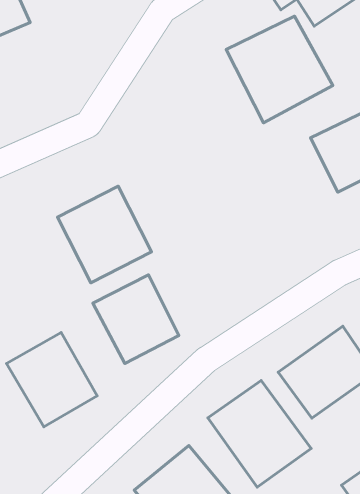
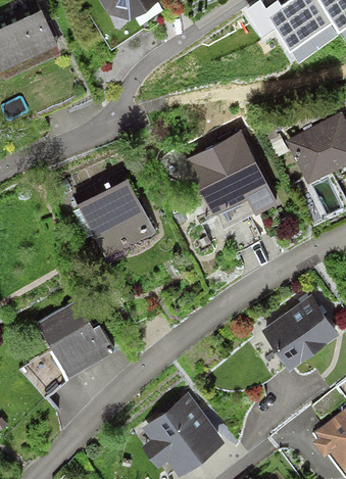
building: [226,16,333,123] -> [184,132,271,220]
building: [93,275,179,363] -> none
building: [208,381,311,487] -> none

